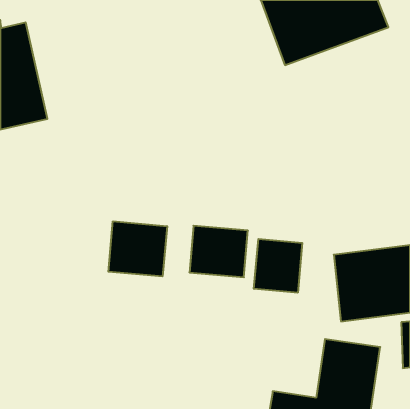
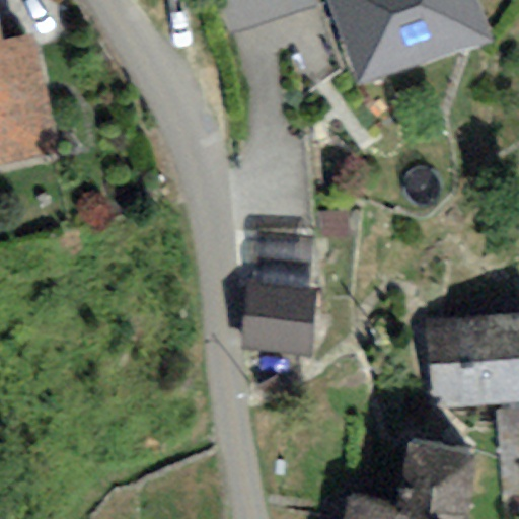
building: [108,221,167,276] -> none
building: [254,239,302,293] -> none

